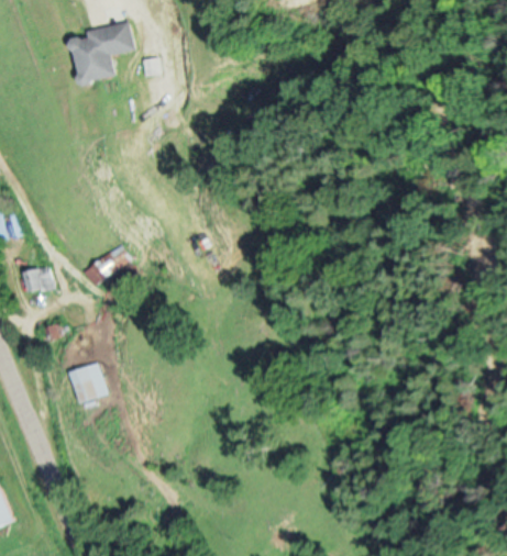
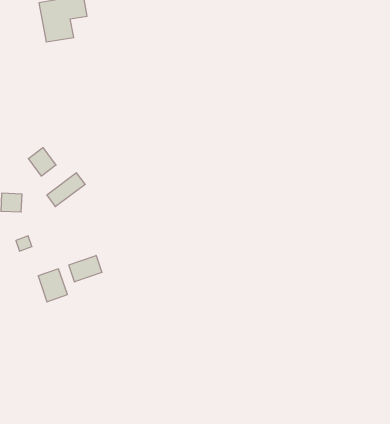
building: none -> [28,148,56,176]
building: none -> [69,255,102,282]

